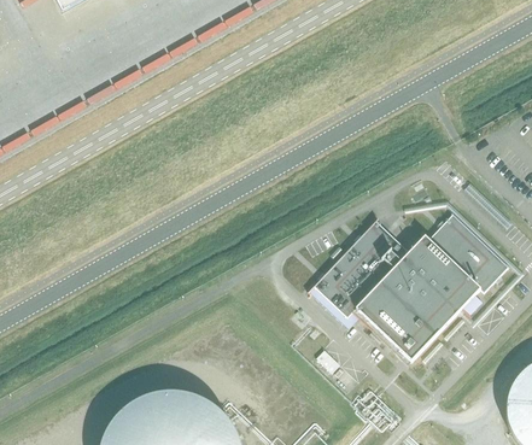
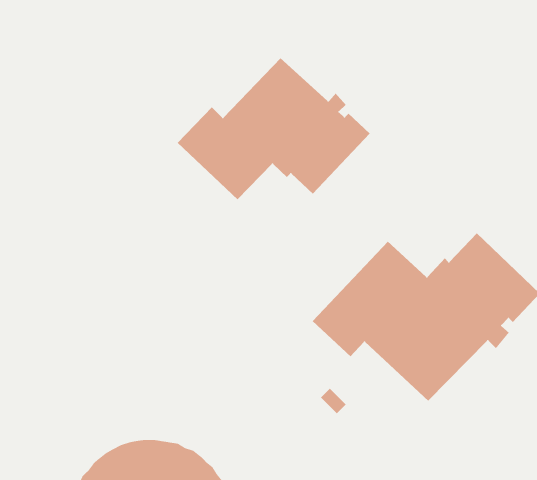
building: none -> [177,57,370,200]

